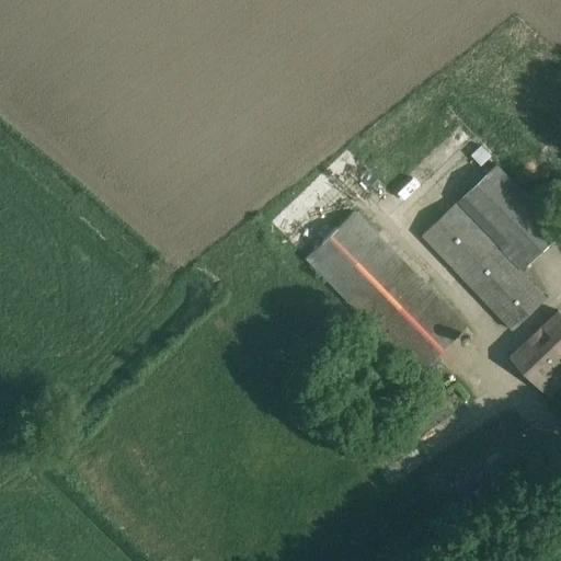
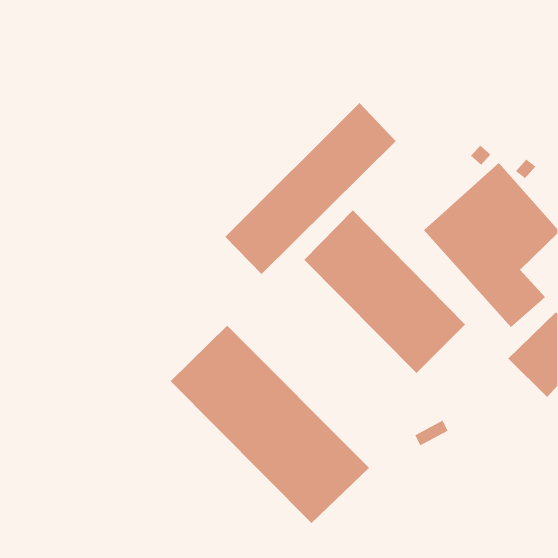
building: none -> [224,102,396,275]
building: none -> [170,325,370,524]

